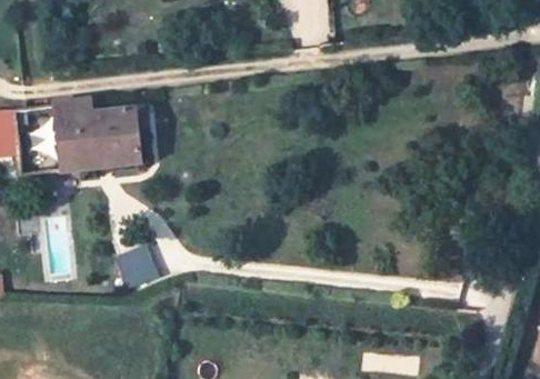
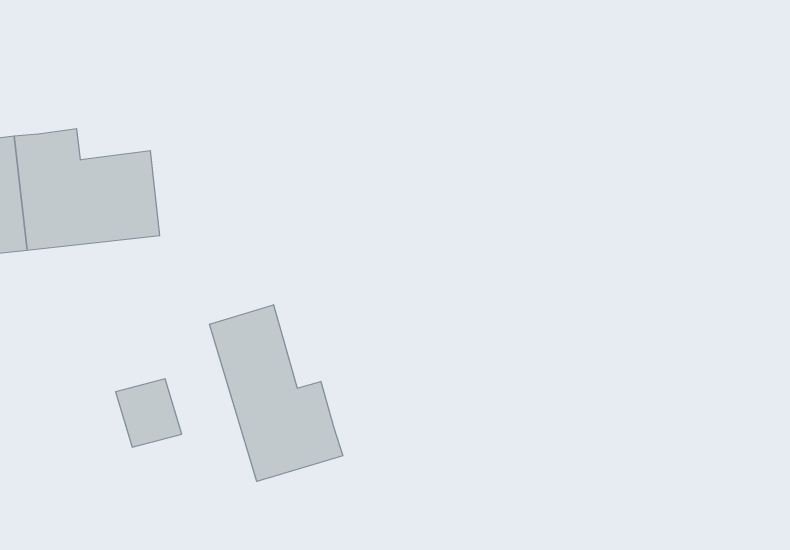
building: none -> [210,305,343,481]

